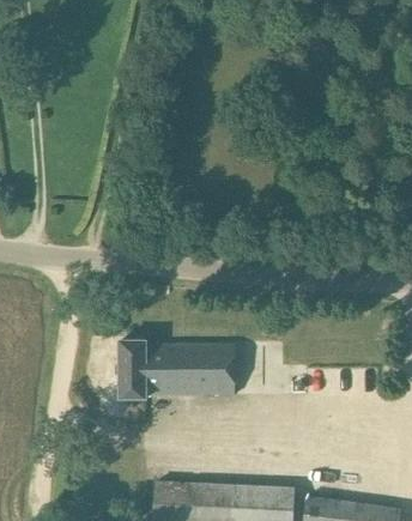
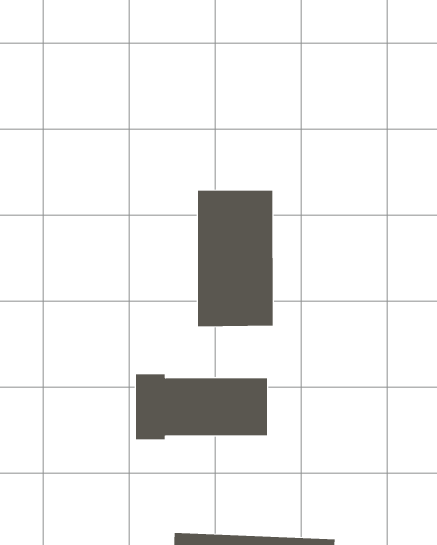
building: none -> [197,190,273,327]

